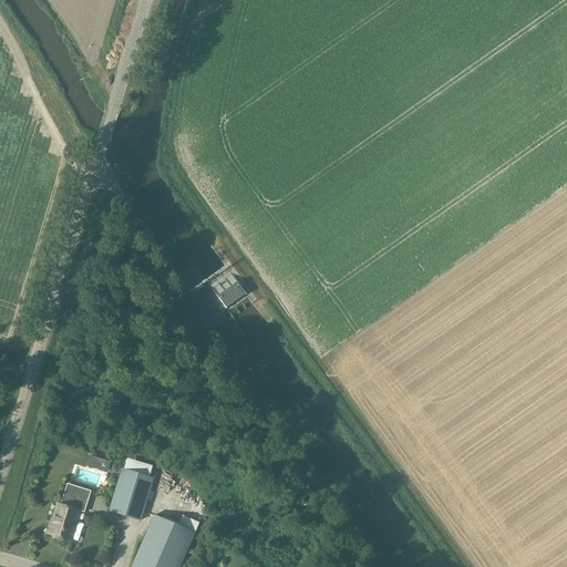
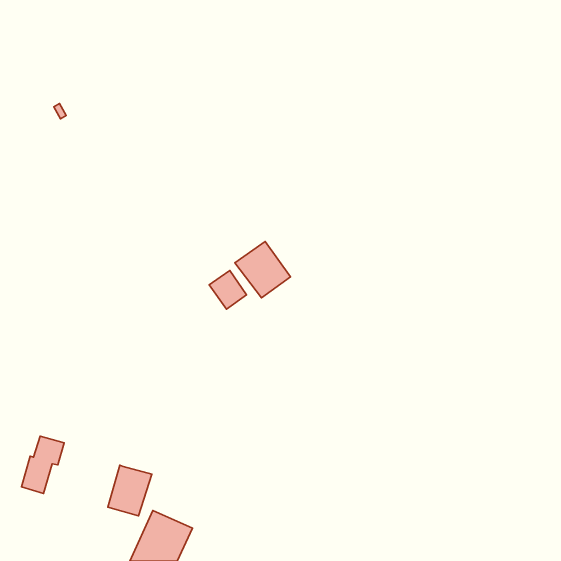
building: none -> [235,241,291,298]
building: [49,483,92,540] -> [21,436,64,493]

